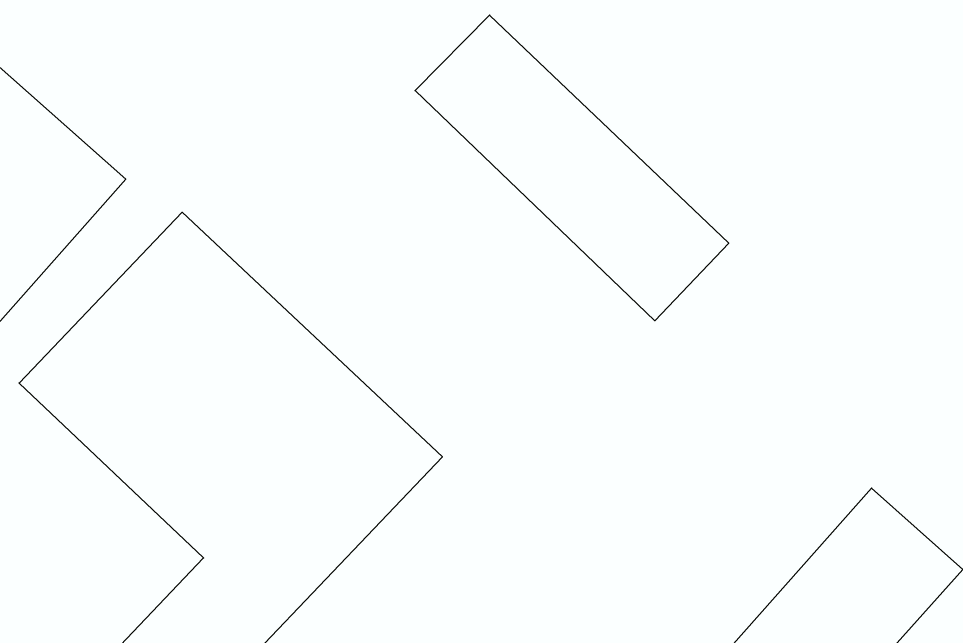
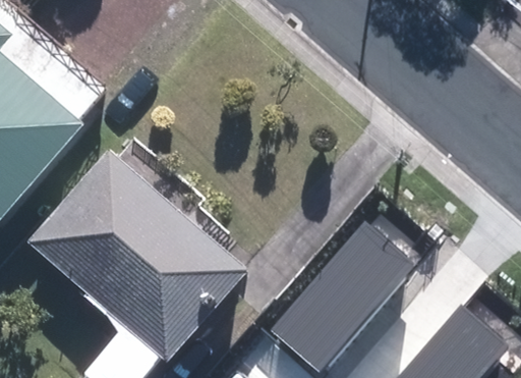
building: [415,15,729,321] -> none
building: none -> [280,212,423,362]

